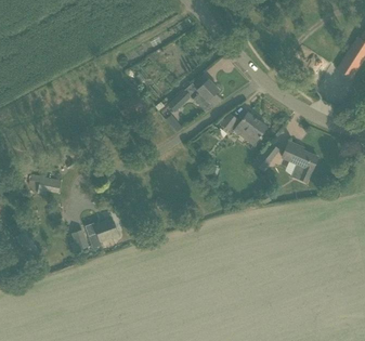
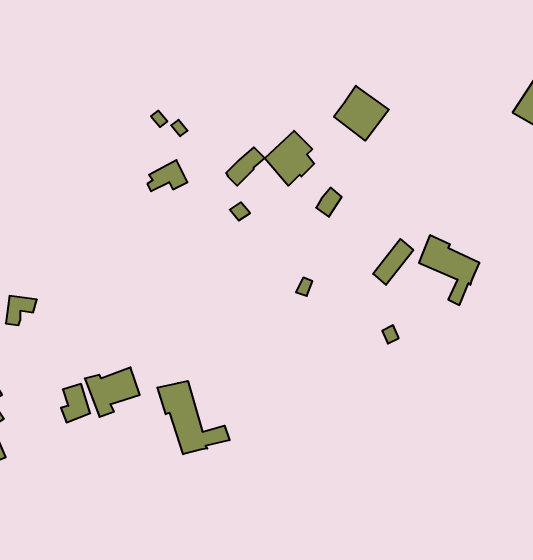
building: [235,112,268,144] -> [334,86,389,141]
building: none -> [157,381,230,454]

